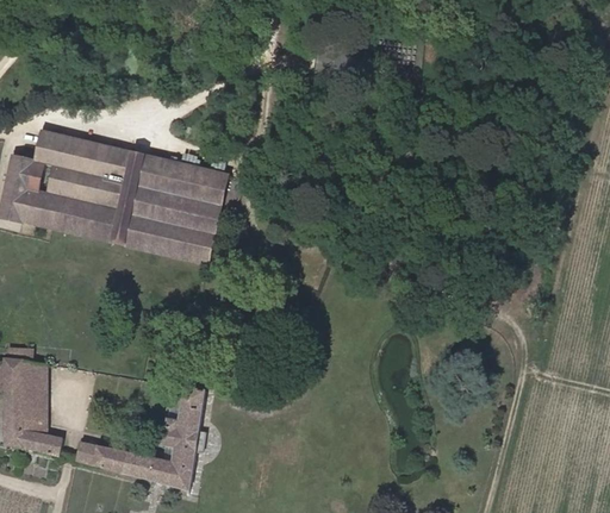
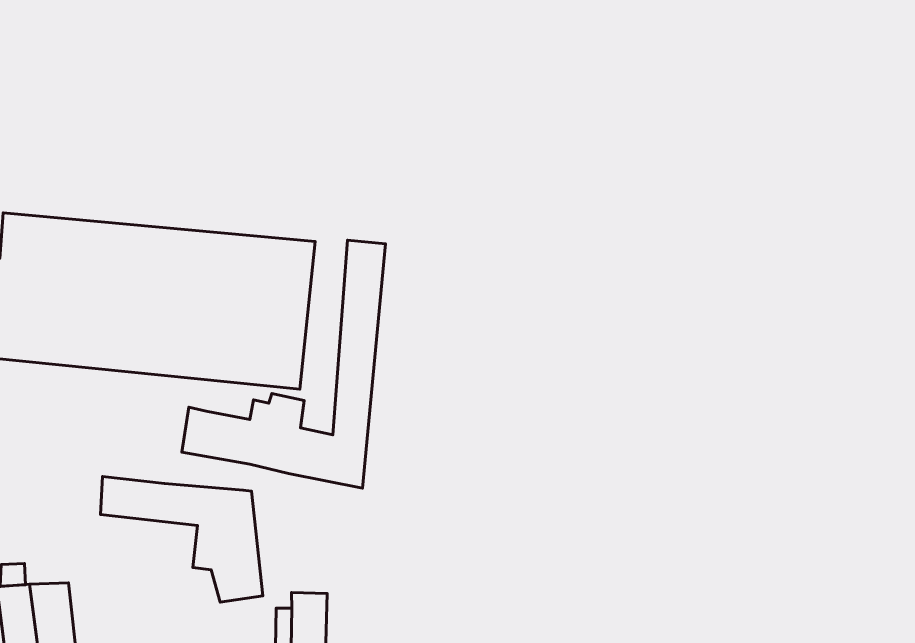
building: none -> [182,240,386,488]
building: none -> [100,476,263,602]

